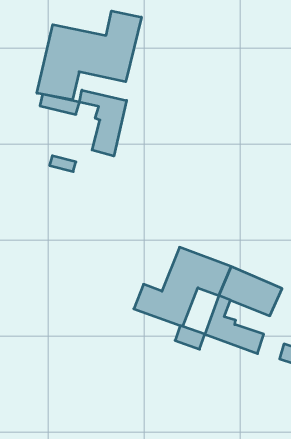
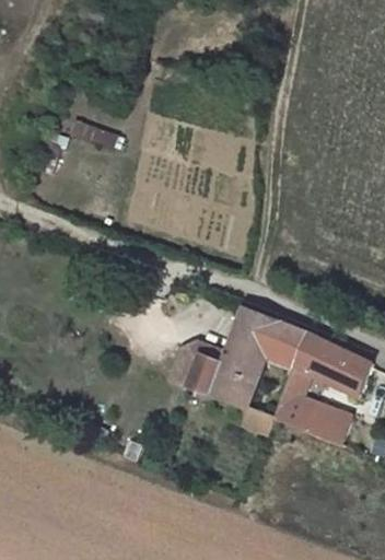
building: [37,11,141,100] -> none
building: [79,90,127,156] -> none

